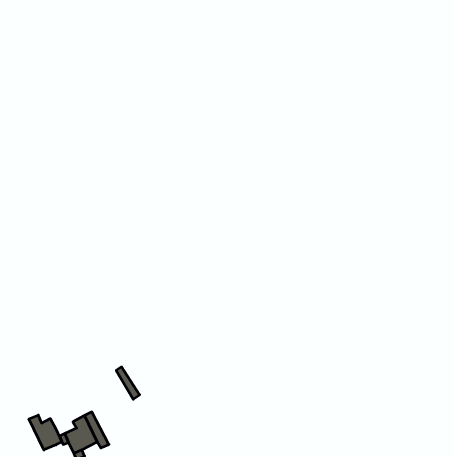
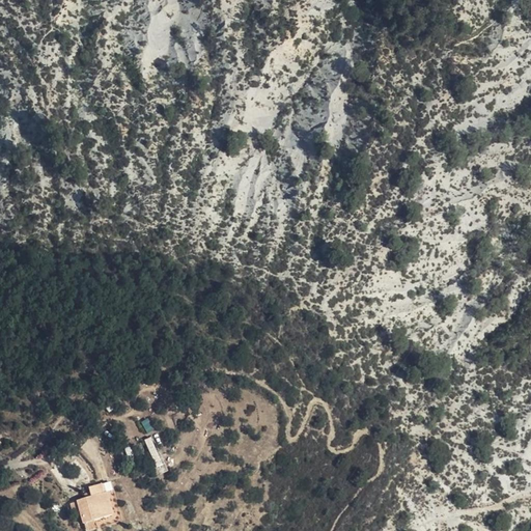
building: [29,415,62,450] -> none

